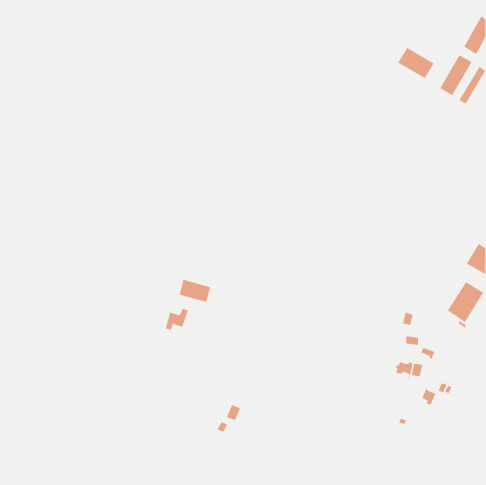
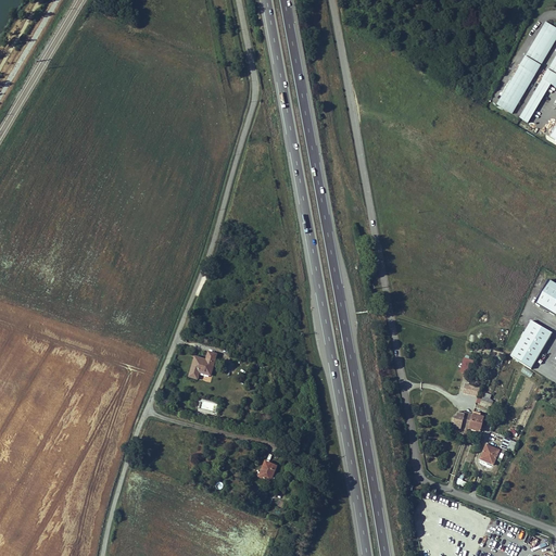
building: [397,47,435,79] -> none
building: [179,279,211,303] -> none

